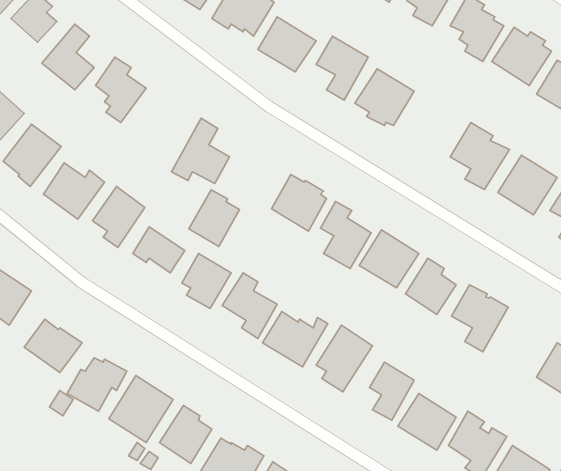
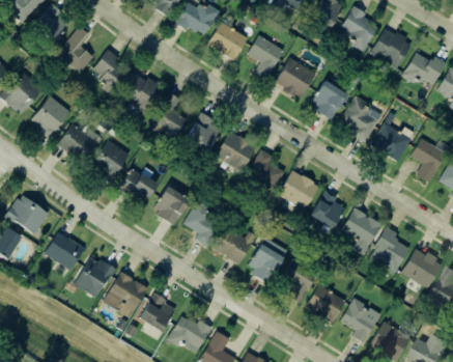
building: none -> [121,75,161,114]
building: none -> [311,81,346,119]
building: [189,190,240,247] -> [186,113,221,152]
building: none -> [371,226,410,274]

